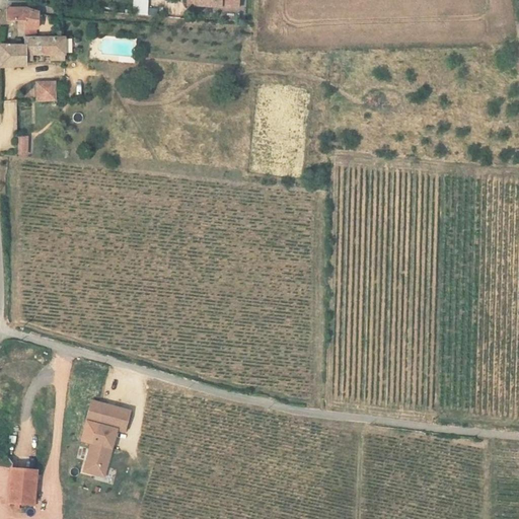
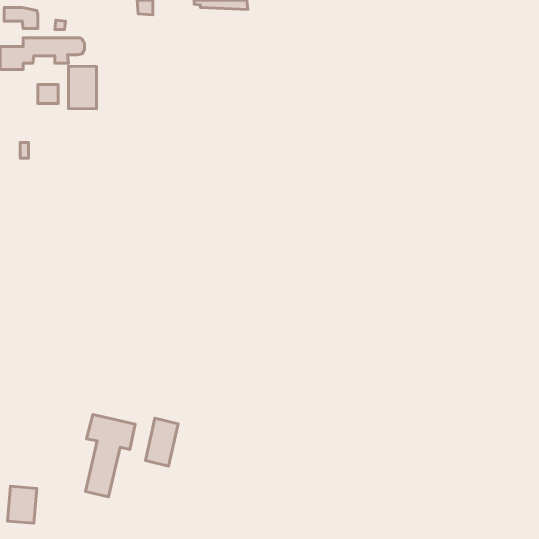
building: none -> [68,66,97,109]
building: none -> [145,418,178,466]

